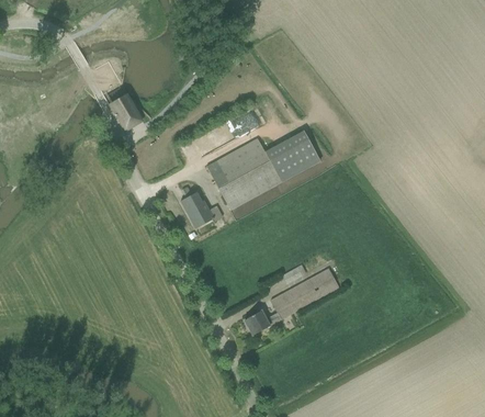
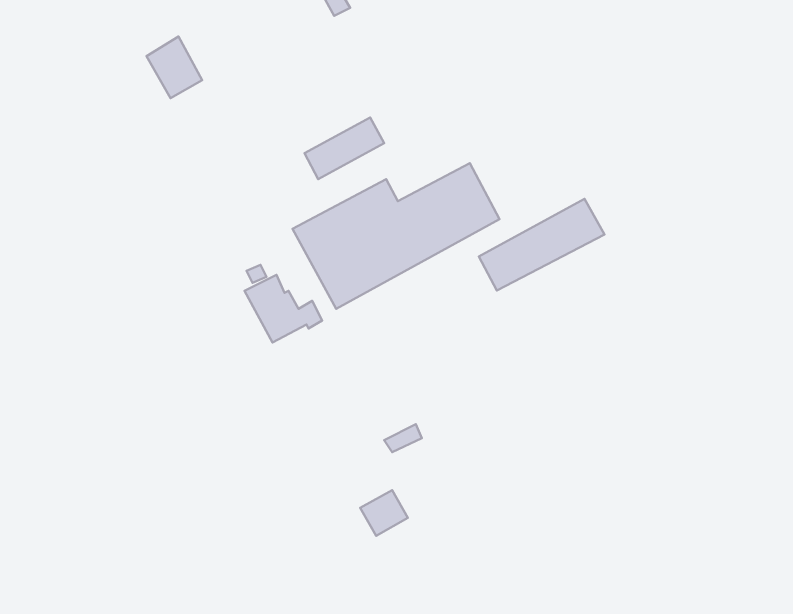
building: [112,95,143,129] -> [146,36,202,98]
building: [271,267,340,317] -> [479,199,604,290]

